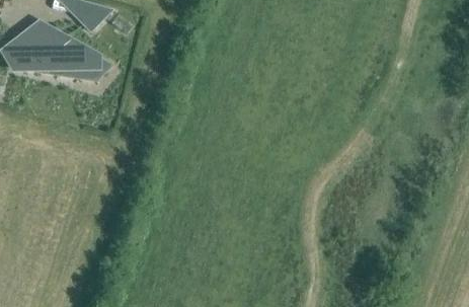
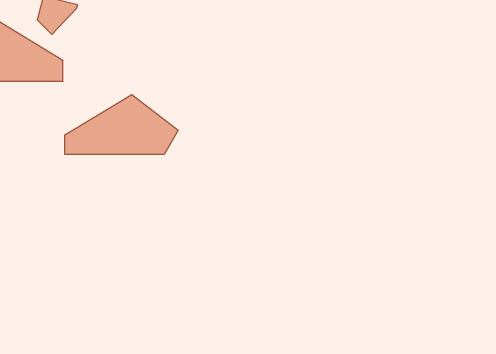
building: none -> [65,95,178,154]

